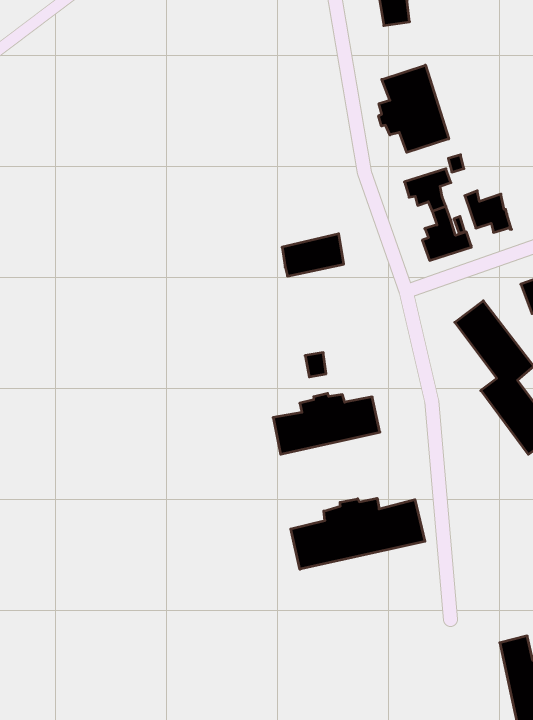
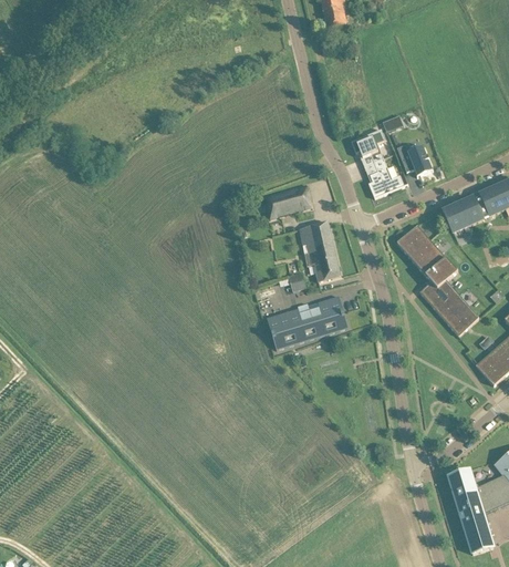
building: [379,65,449,152] -> none
building: none -> [299,221,341,281]
building: [291,498,425,569] -> none

